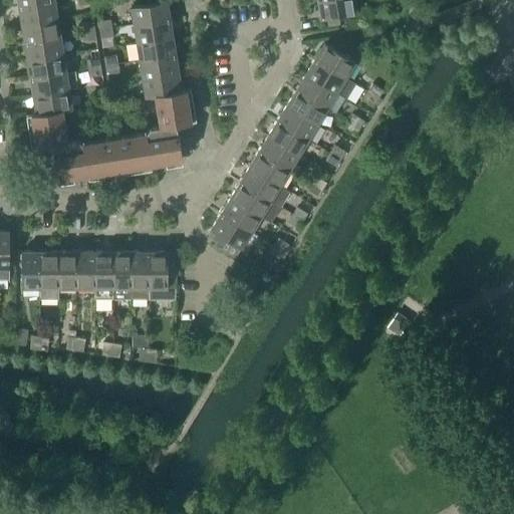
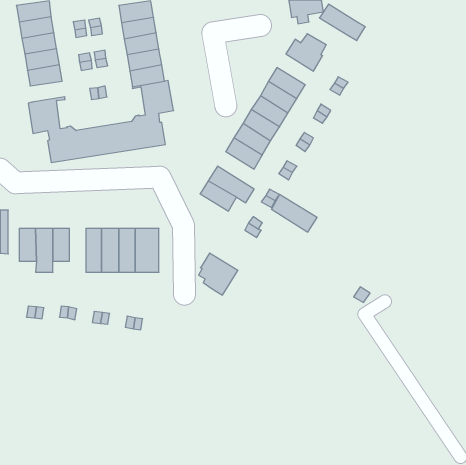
building: [305,61,355,101] -> [319,4,365,41]
building: [34,91,72,114] -> none
building: [240,169,290,210] -> [271,195,317,232]
building: [209,215,252,261] -> [199,253,238,295]
building: [77,253,95,289] -> none

